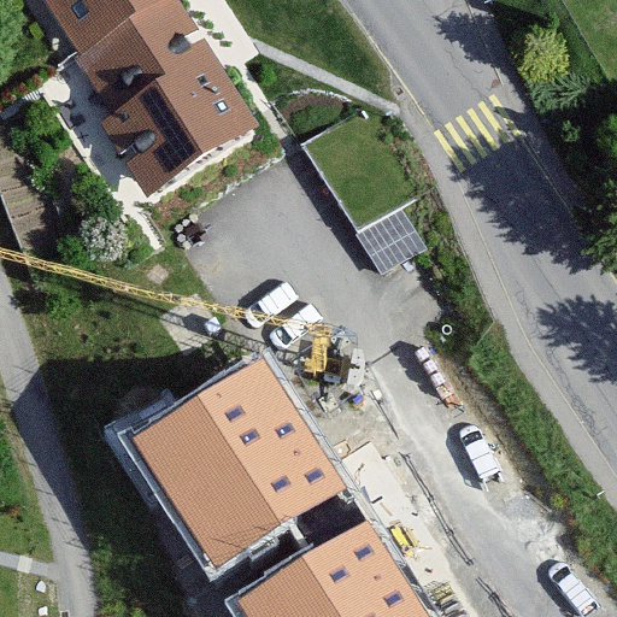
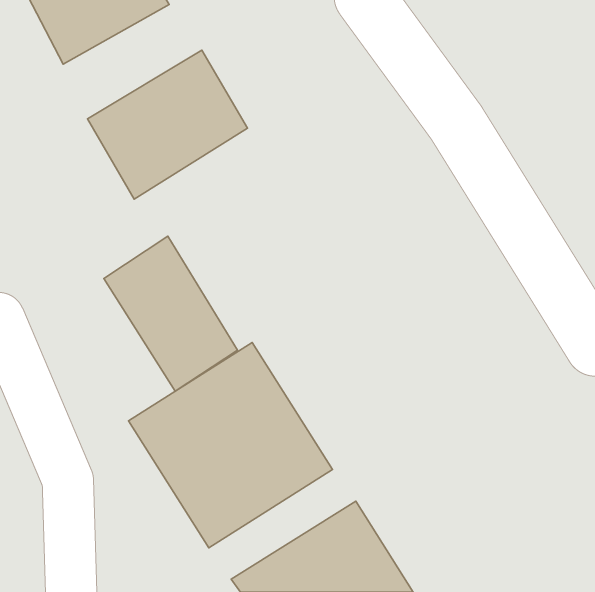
building: [65,5,208,123] -> none
building: none -> [104,236,238,391]

